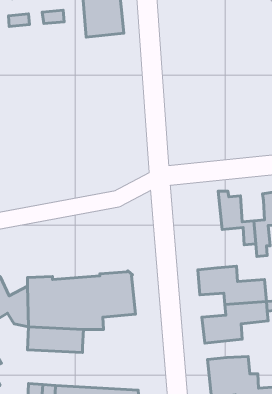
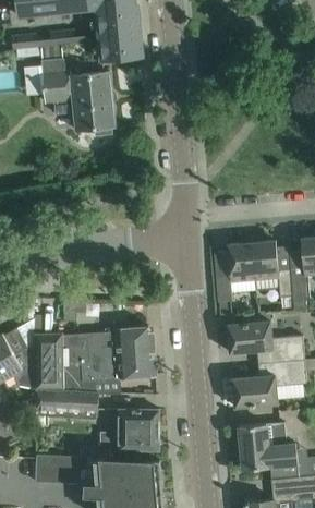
building: none -> [40,59,114,134]
building: none -> [216,235,254,302]
building: none -> [77,410,158,457]

